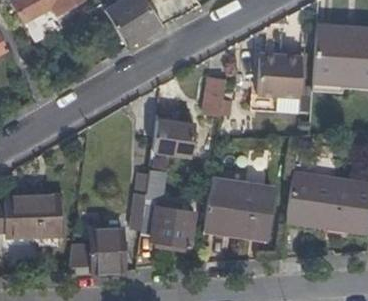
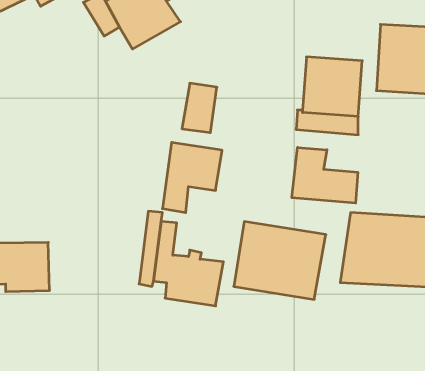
building: [200,77,227,115] -> [182,83,217,133]
building: none -> [292,147,358,203]
building: [67,227,125,273] -> none

